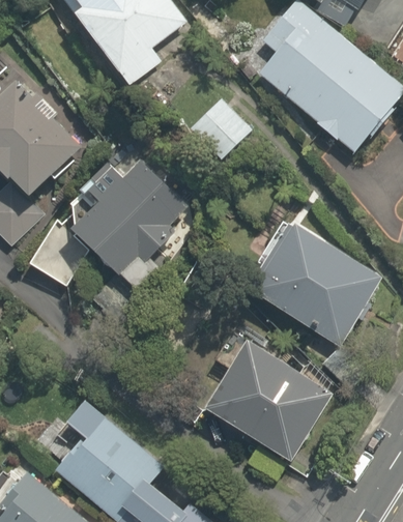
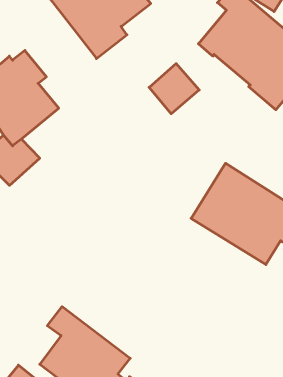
building: [26,147,193,291] -> none
building: [201,339,336,464] -> none

